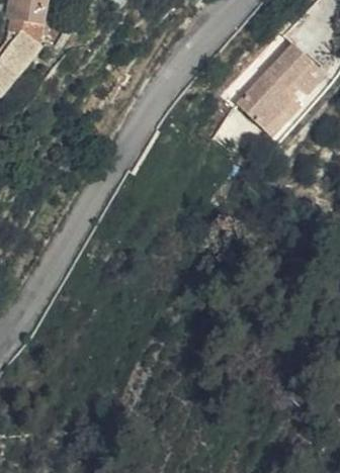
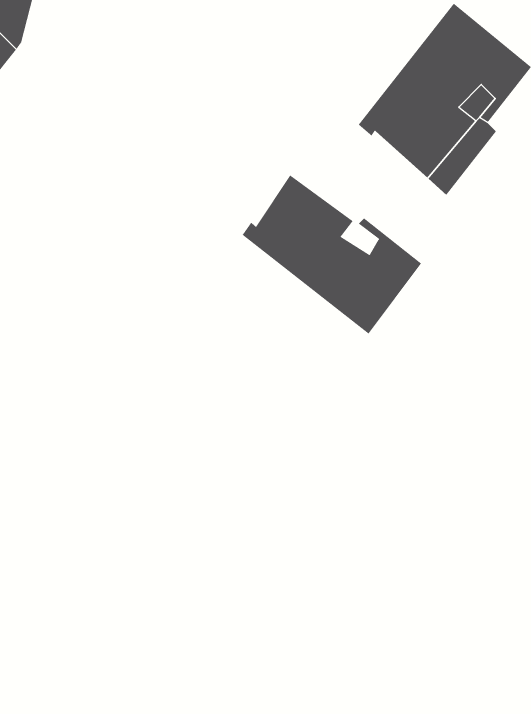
building: none -> [242,175,422,335]

